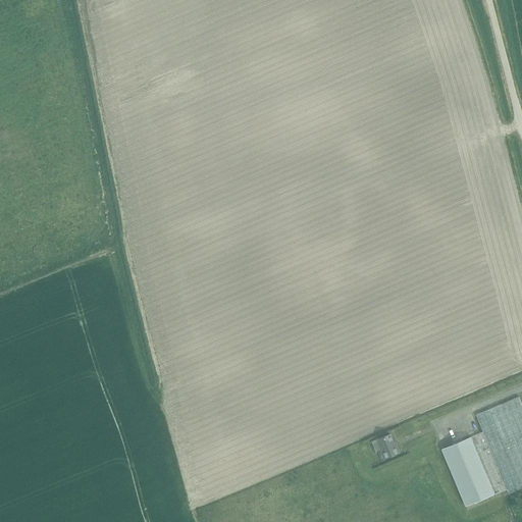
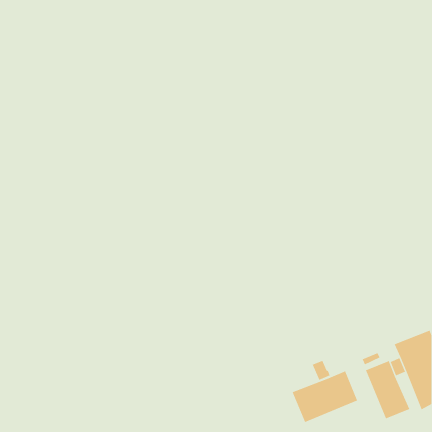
building: none -> [292,370,358,423]

